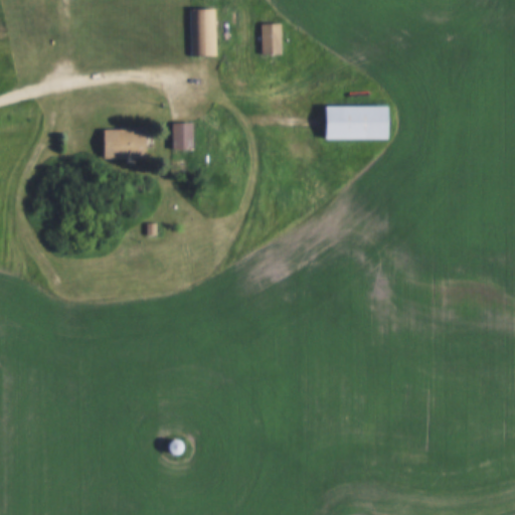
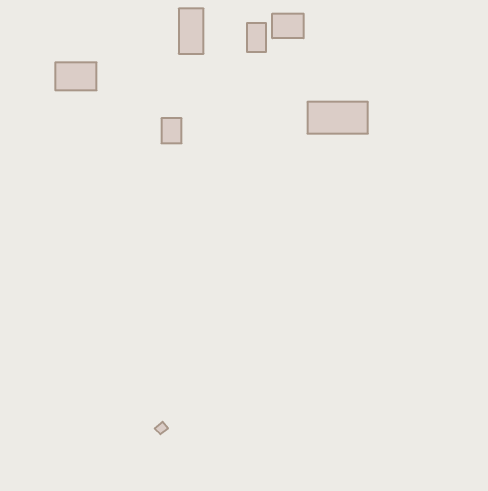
building: none -> [272,14,304,38]
building: [104,130,147,159] -> [55,62,97,90]

